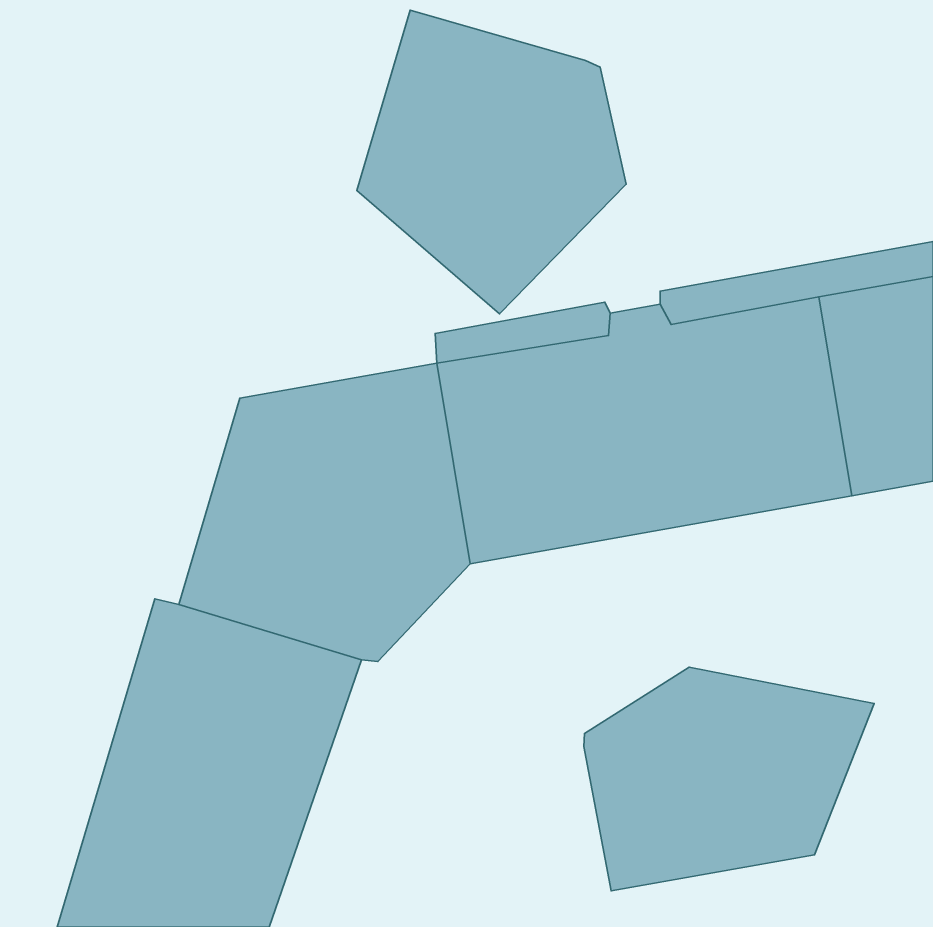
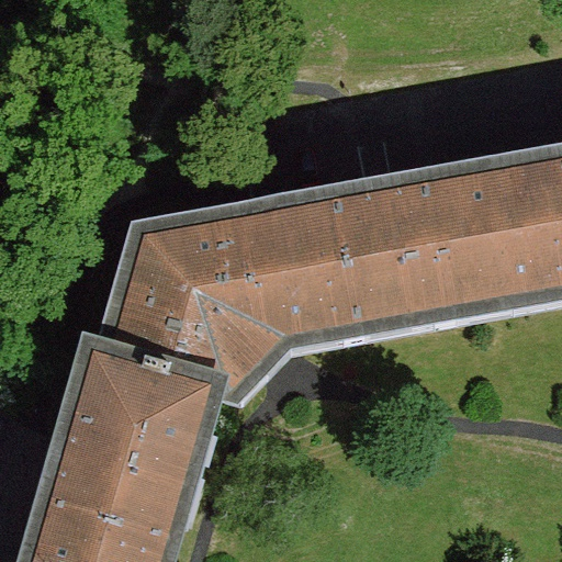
building: [357,10,626,314] -> none
building: [584,667,874,891] -> none

